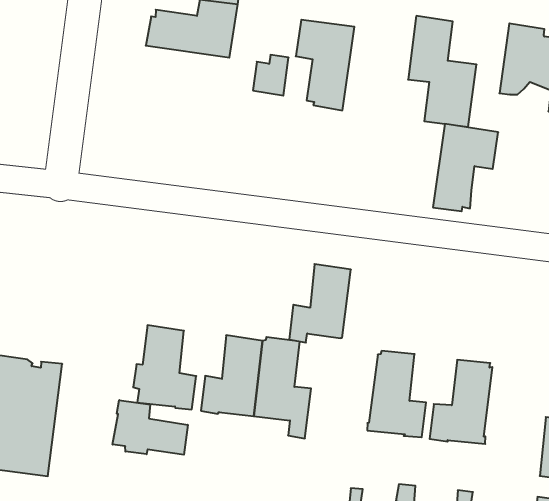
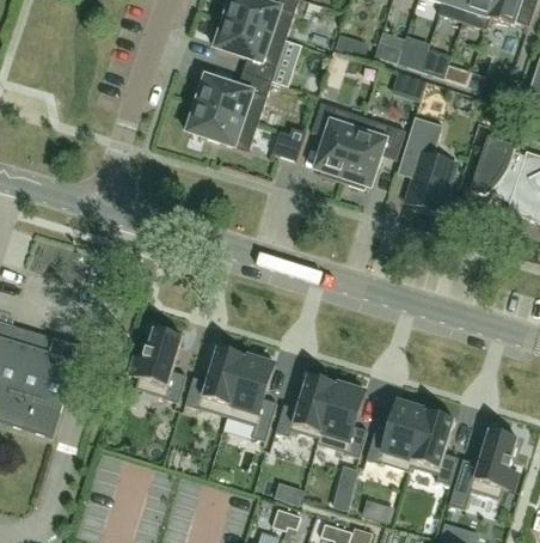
building: none -> [184,102,257,152]
building: [433,124,498,211] -> [340,116,404,189]
building: [289,264,351,343] -> [275,374,335,438]
building: none -> [409,410,458,484]
building: [113,400,188,455] -> none

